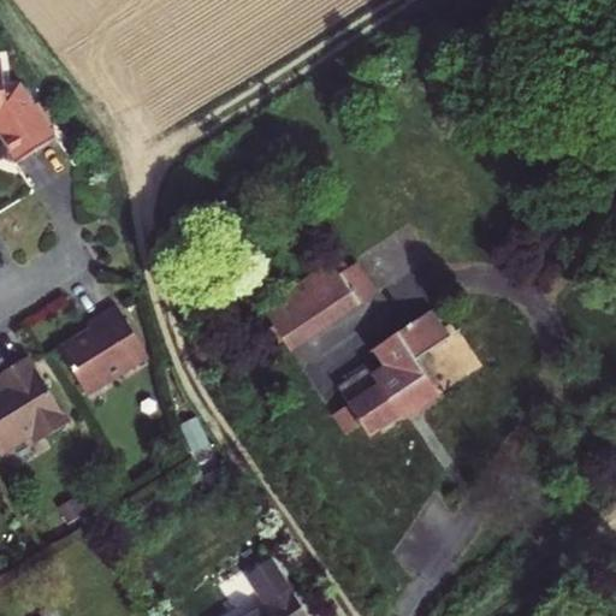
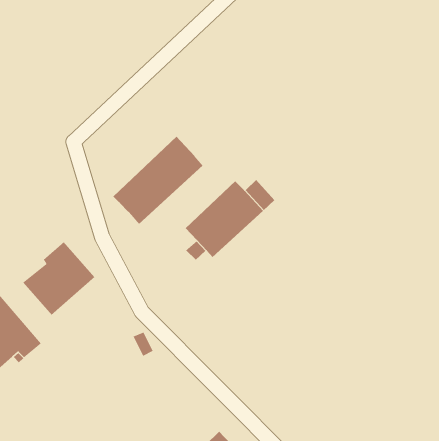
building: none -> [112,136,204,225]
building: [333,312,449,437] -> none

